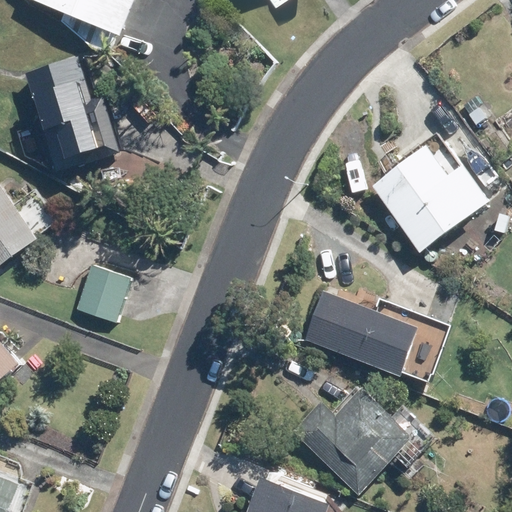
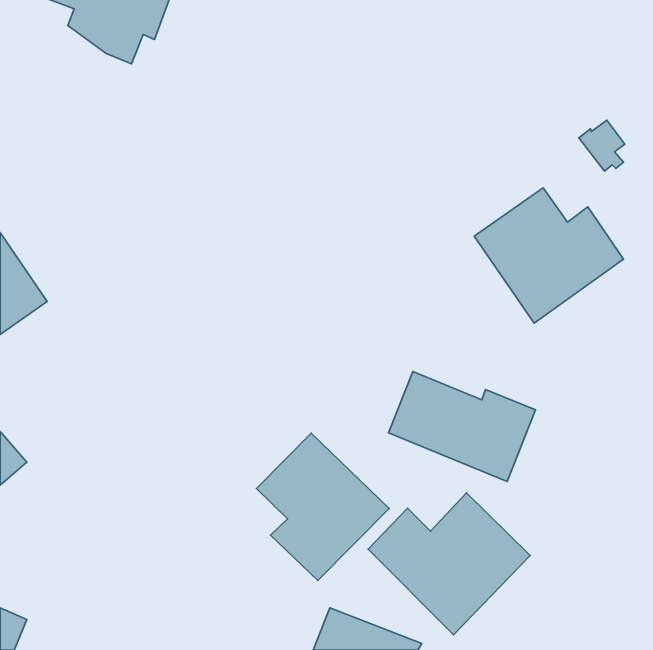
building: [23,52,123,168] -> none
building: [86,262,143,322] -> none
building: none -> [257,433,389,580]

